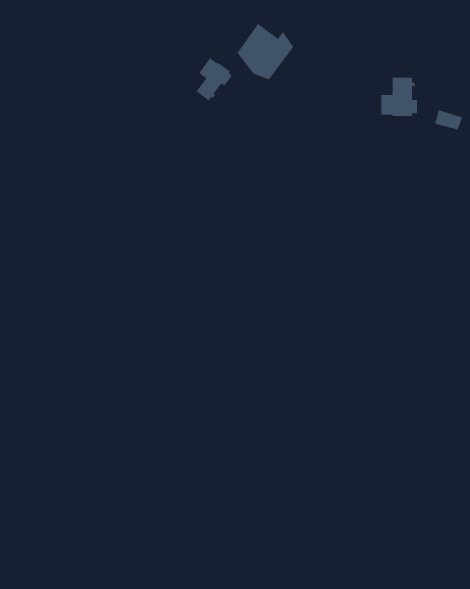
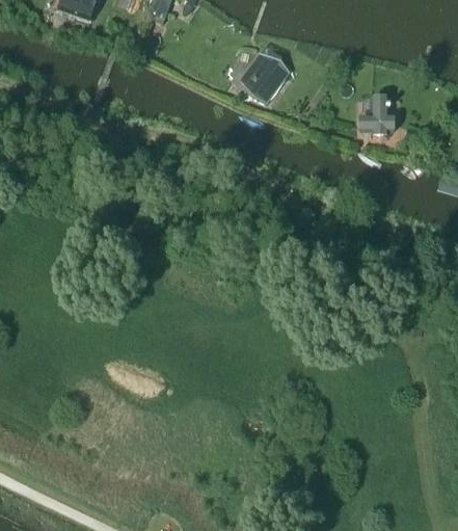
building: [195,57,233,101] -> none

